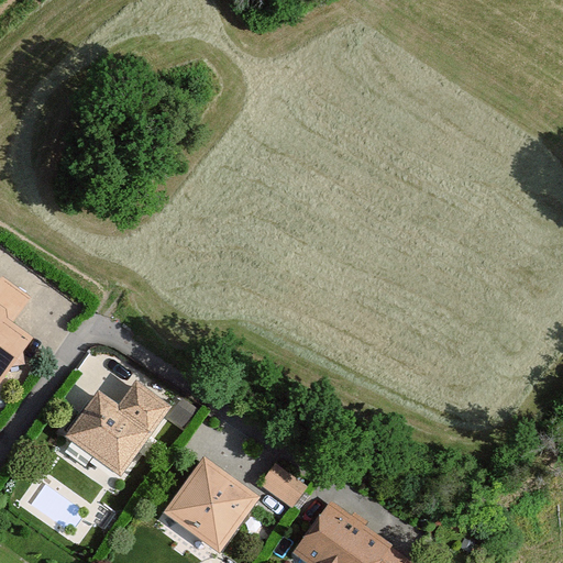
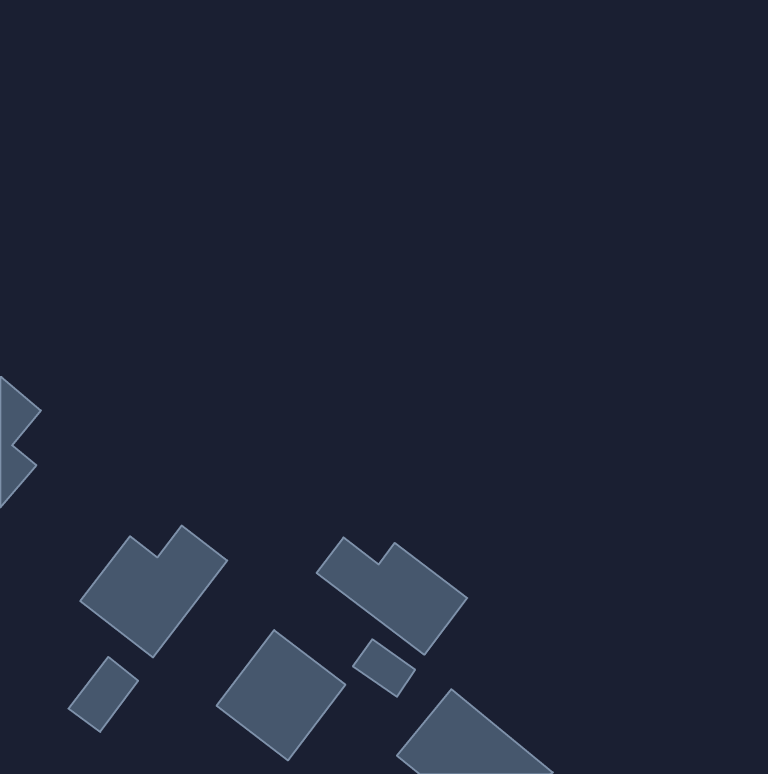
building: none -> [317,537,467,655]
building: none -> [68,657,138,732]

